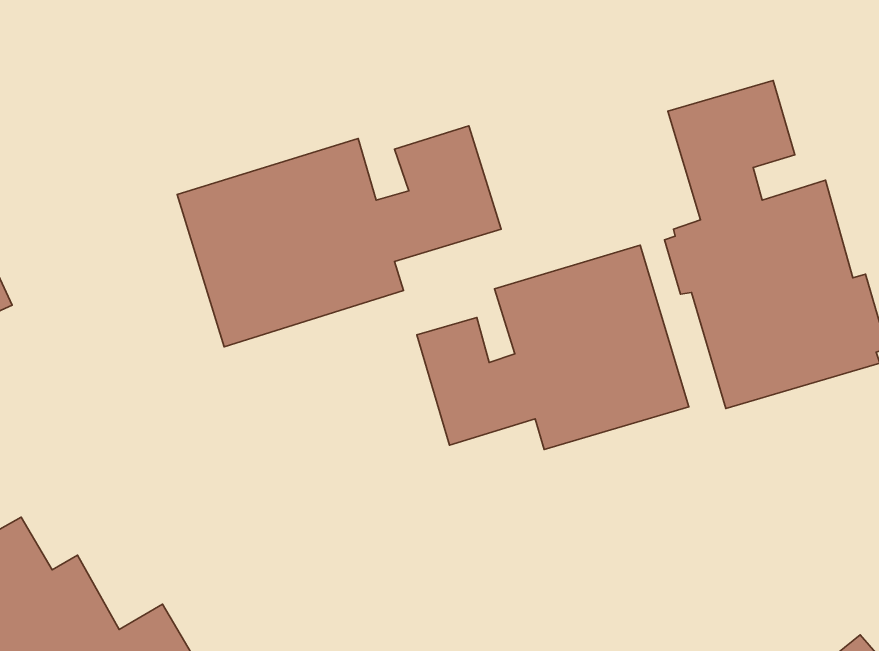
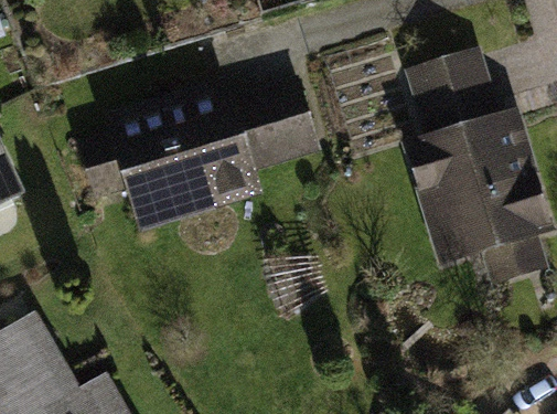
building: [417,245,689,450] -> none

